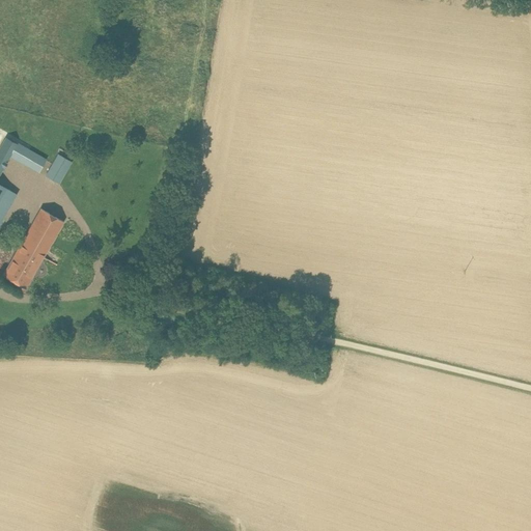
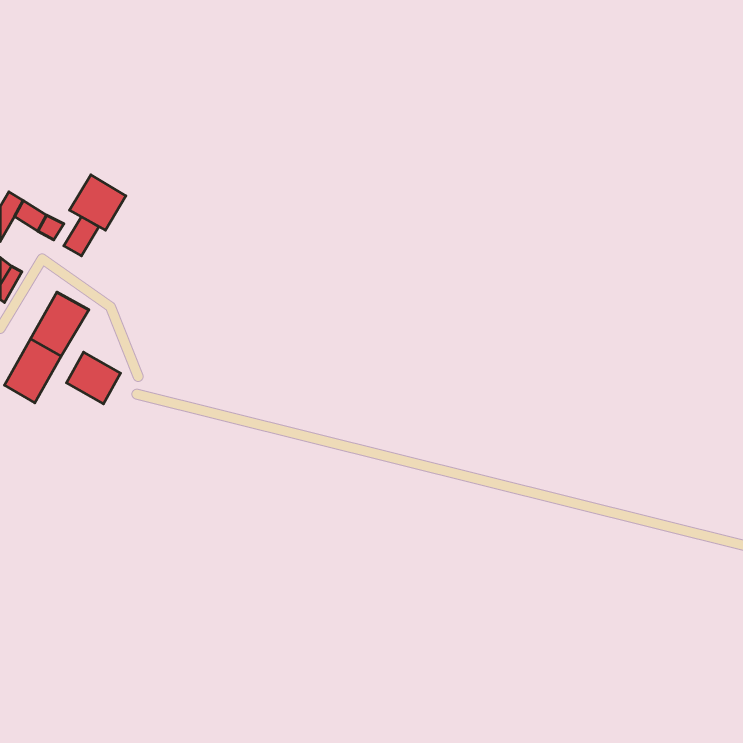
building: none -> [69,175,126,230]
building: none -> [66,352,121,404]

